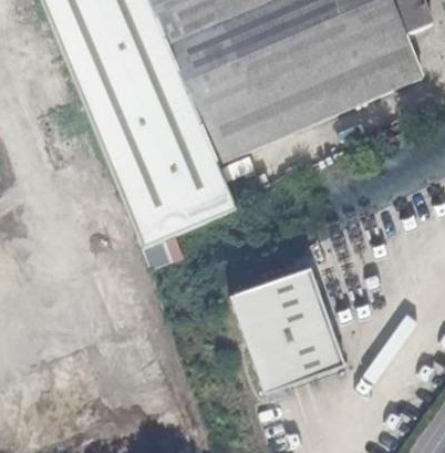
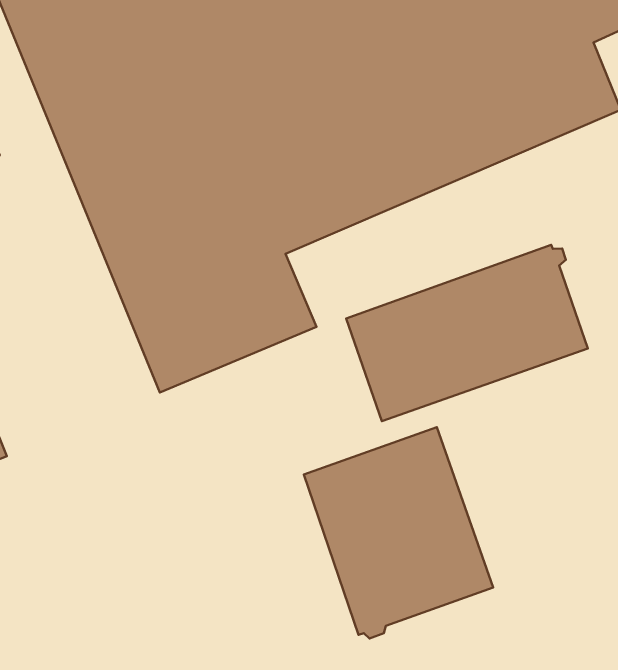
building: none -> [346,245,588,421]

